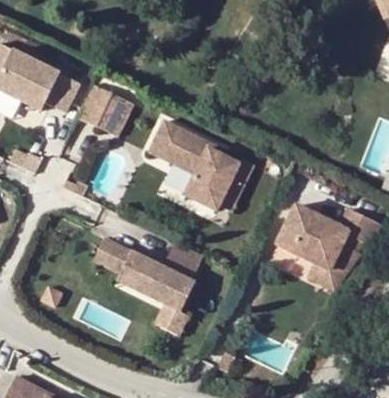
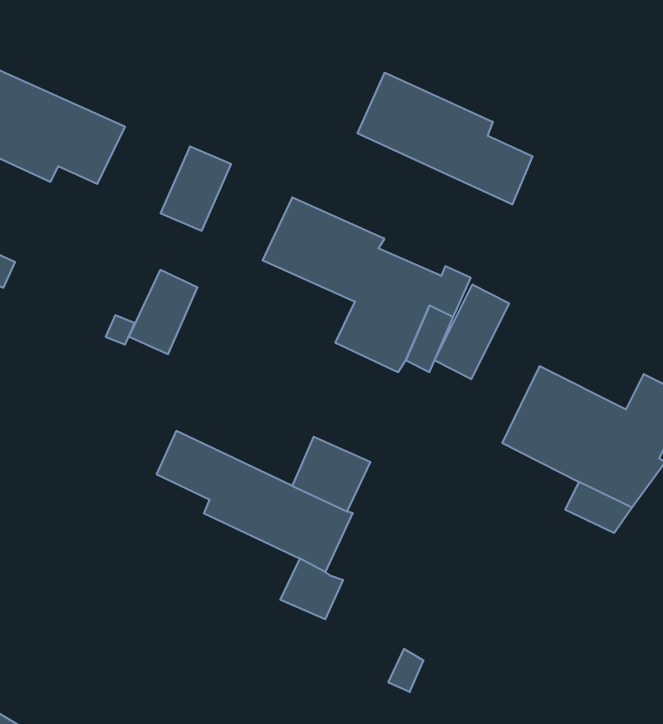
building: none -> [358,73,532,205]
building: [78,83,113,126] -> [129,270,198,354]
building: none -> [435,284,509,379]

